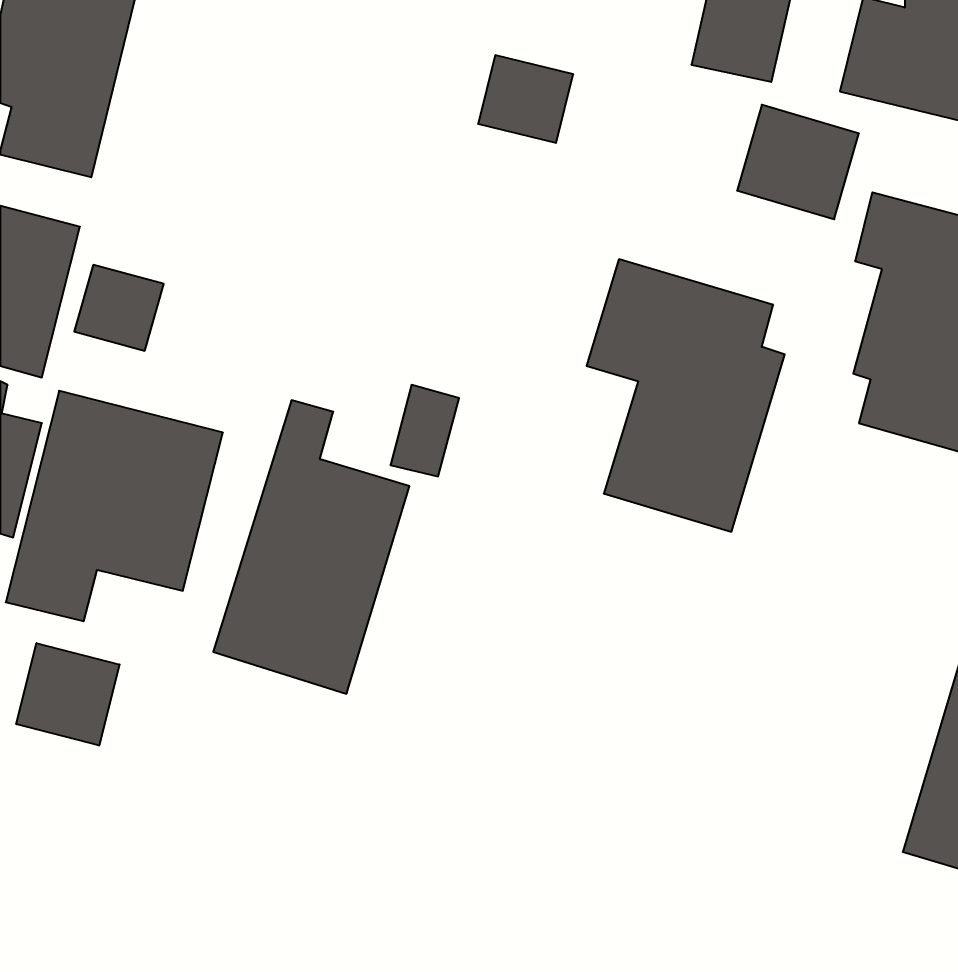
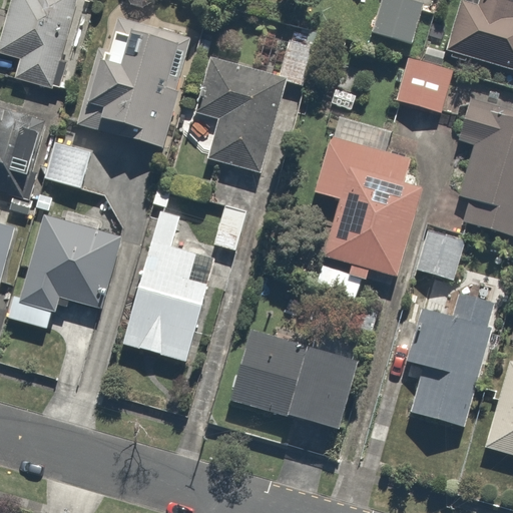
building: none -> [77,20,189,143]
building: none -> [198,57,289,177]
building: none -> [416,227,469,283]
building: none -> [407,279,496,429]
building: none -> [228,328,354,428]
building: [16,643,120,746] -> none

